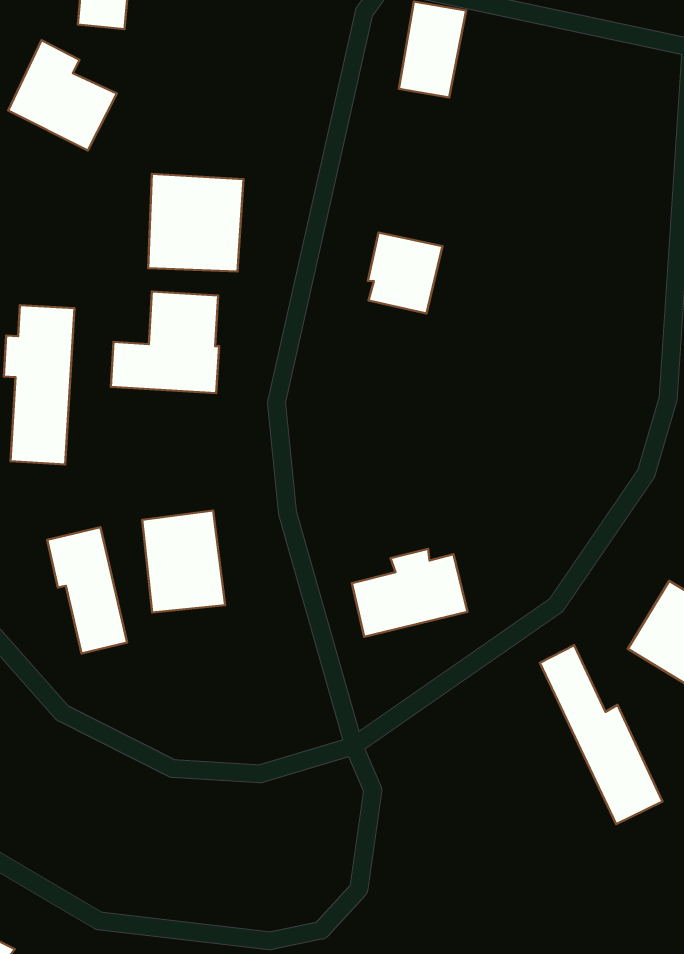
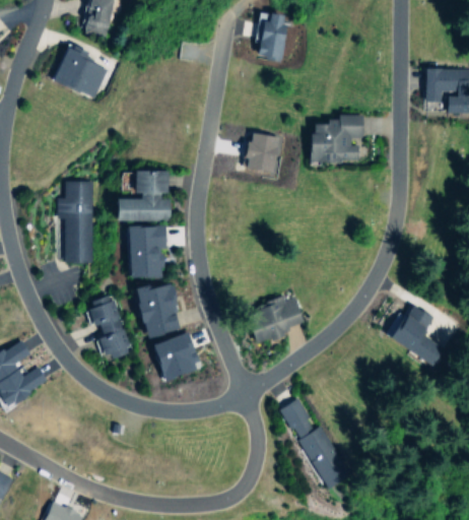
building: [148,174,244,272] -> none
building: none -> [310,115,364,162]
building: none -> [128,226,166,277]
building: none -> [152,333,201,381]
building: [540,645,663,824] -> [282,398,350,490]

